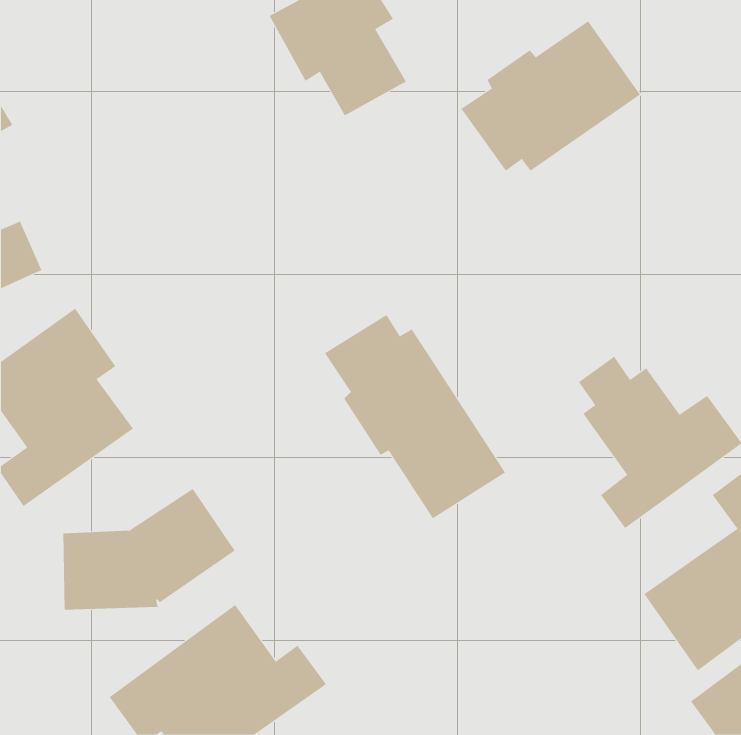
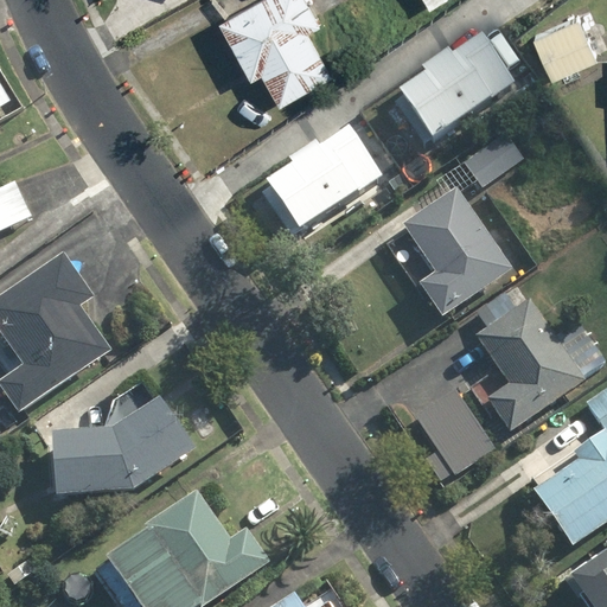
building: none -> [533,7,600,72]
building: none -> [248,110,395,234]
building: none -> [404,129,525,317]
building: [324,314,506,519] -> none

